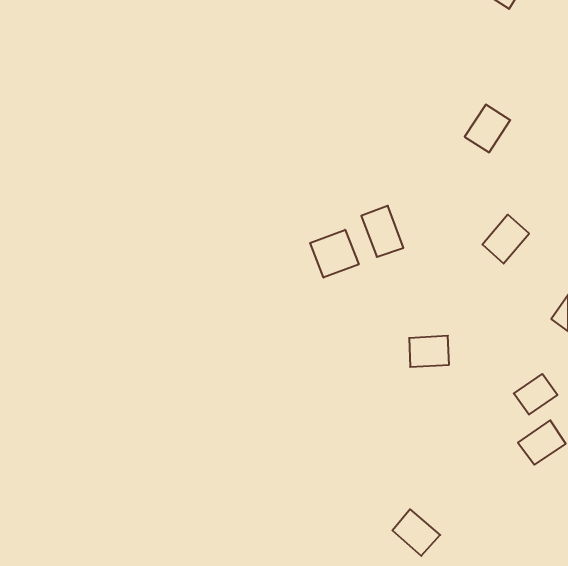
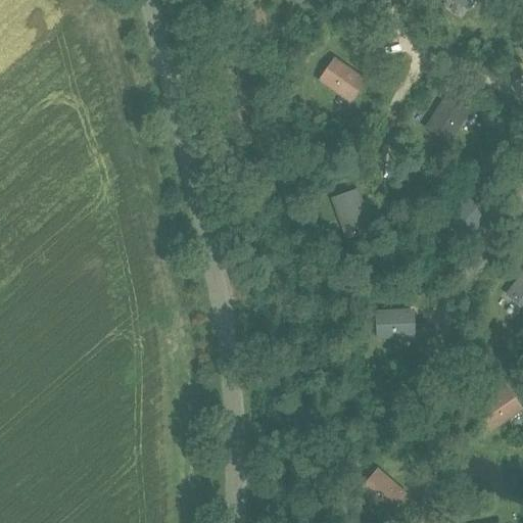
building: none -> [320,57,365,100]
building: [310,230,359,278] -> none
building: [514,374,557,415] -> none

